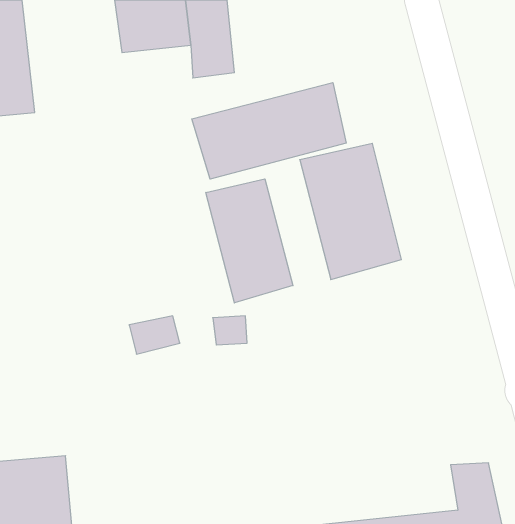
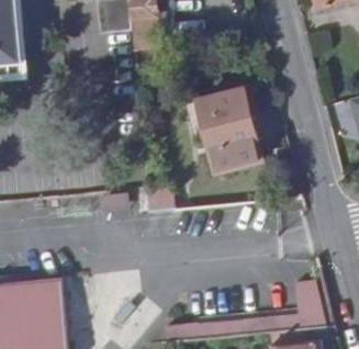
building: [192,83,346,179] -> none
building: [206,179,293,303] -> none

